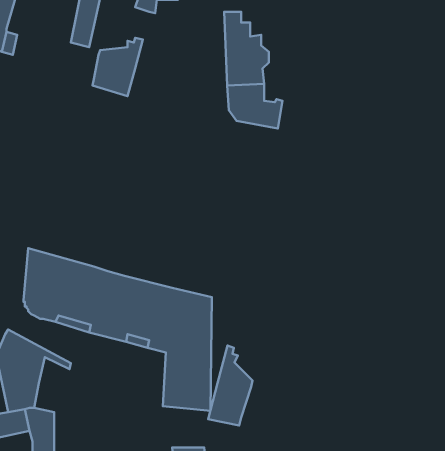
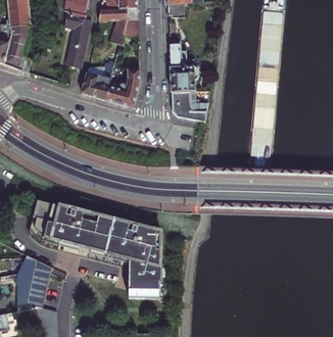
building: none -> [104,68,140,107]
building: [208,345,252,425] -> none

